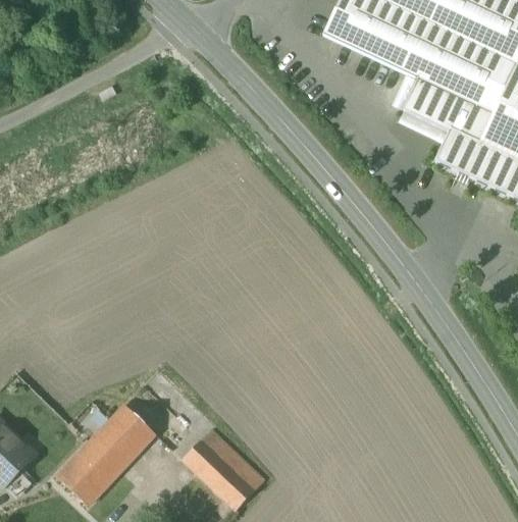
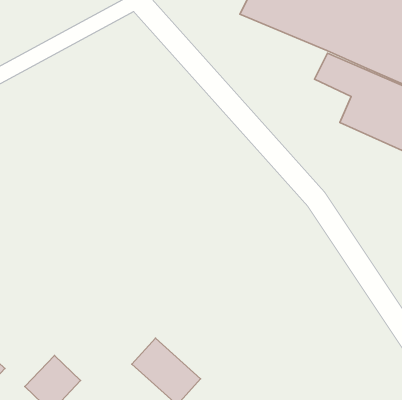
building: [94,404,159,468] -> none

